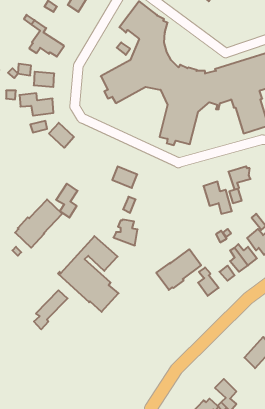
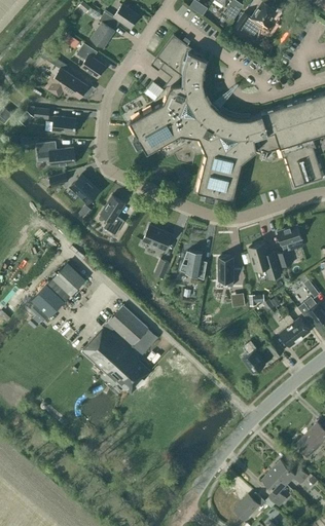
building: none -> [77,43,105,77]
building: [56,184,78,218] -> [100,195,124,234]
building: none -> [218,258,233,287]
building: [113,220,138,245] -> [179,250,207,279]
building: [156,249,201,290] -> none
building: [34,290,68,329] -> none
building: none -> [272,460,308,484]

